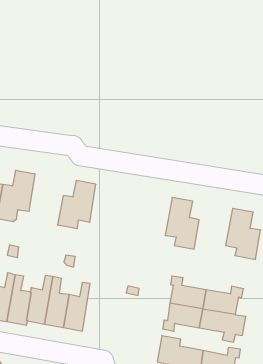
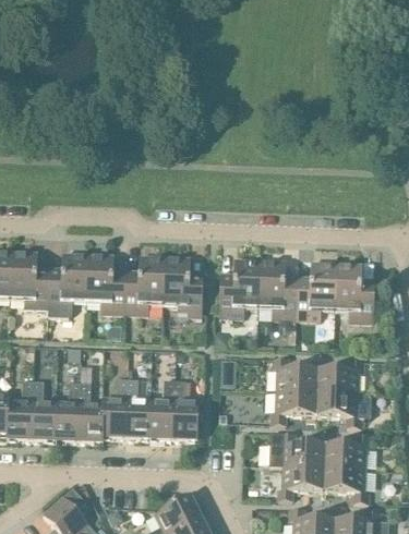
building: none -> [86,255,125,314]
building: none -> [163,257,202,316]
building: none -> [218,259,260,318]
building: none -> [296,263,336,321]
building: none -> [172,380,199,440]

